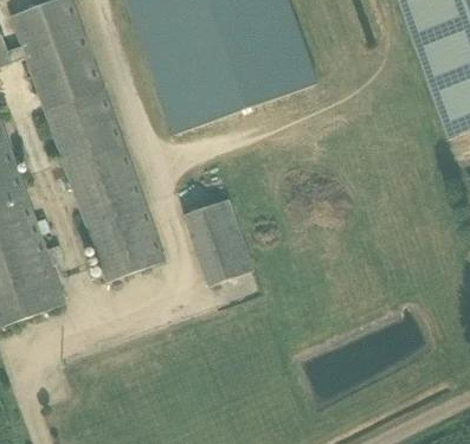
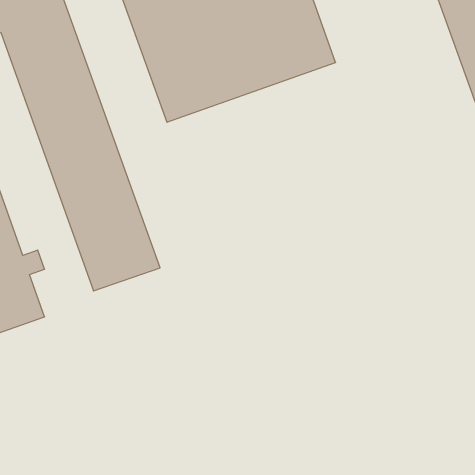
building: [182,197,253,284] -> none

